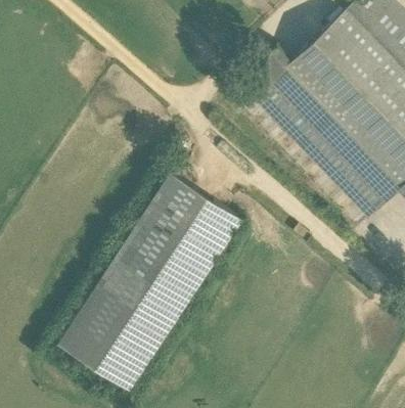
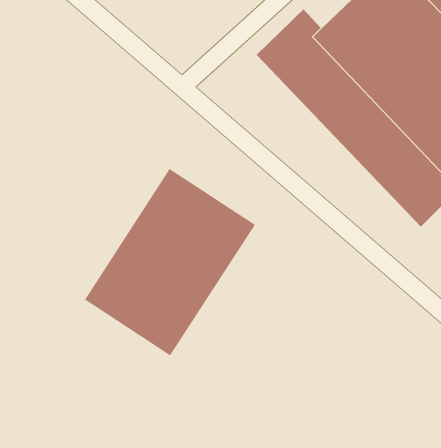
building: [59,277,173,390] -> none

